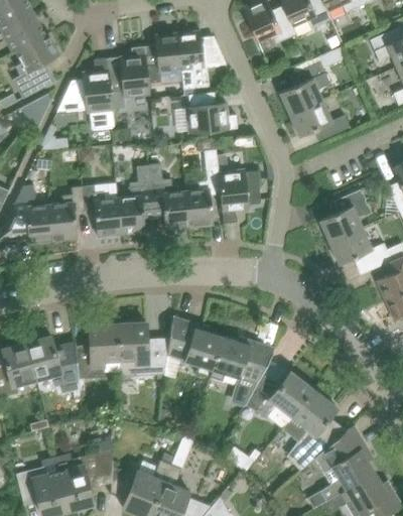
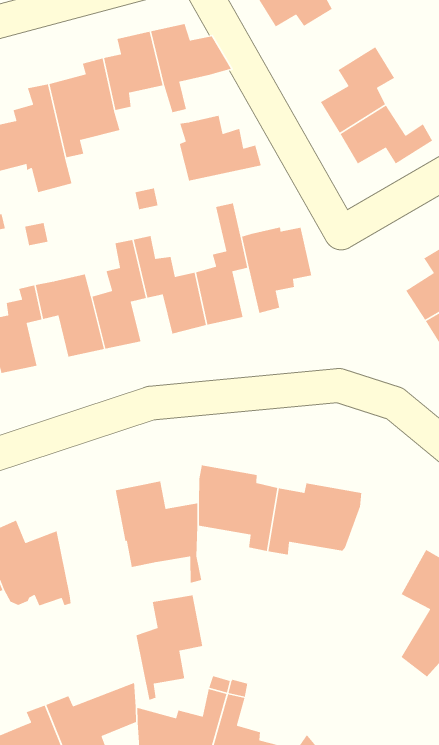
building: [76,325,118,389] -> [136,594,203,701]
building: [246,372,310,416] -> none

